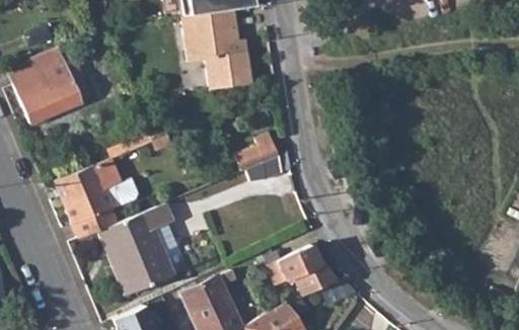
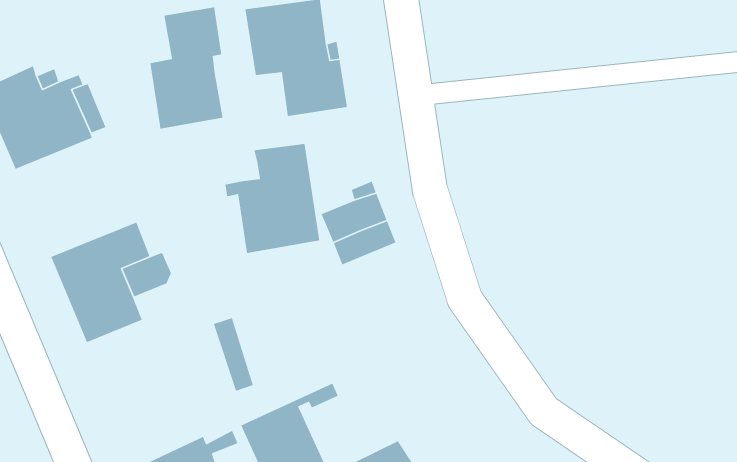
building: none -> [149,7,224,129]
building: none -> [224,143,320,254]
building: [96,211,171,296] -> none
building: [268,242,337,295] -> none

